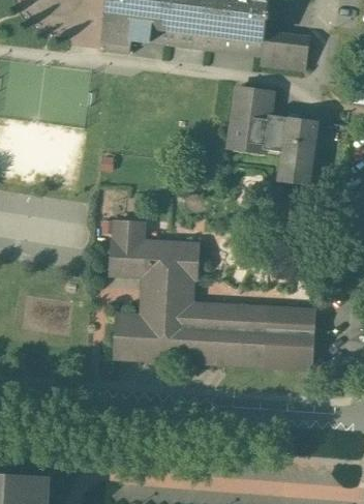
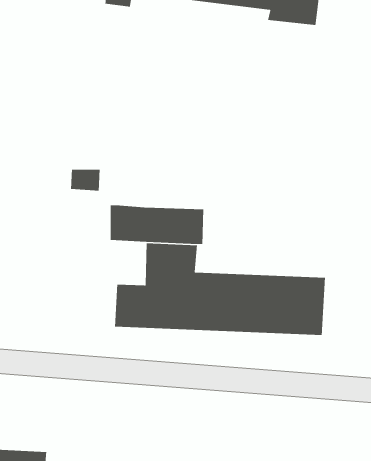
building: [228,87,320,184] -> none
building: [114,220,143,242] -> [70,169,101,192]

